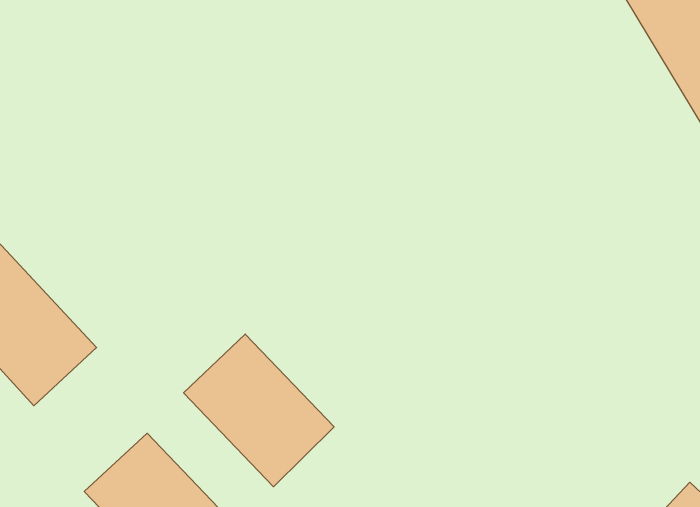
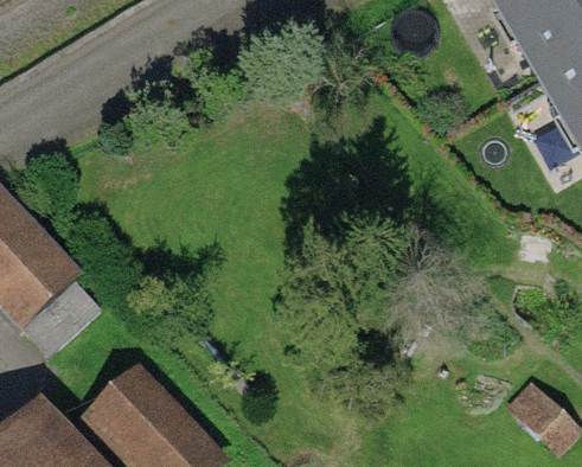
building: [184,334,334,487] -> none

